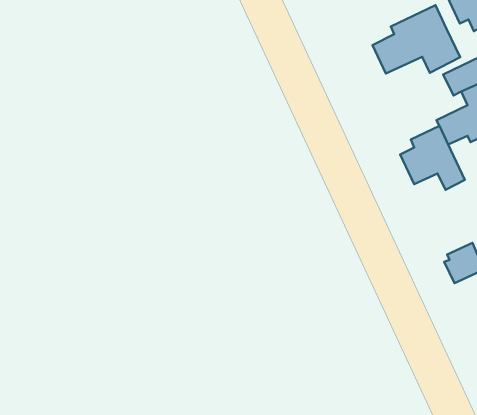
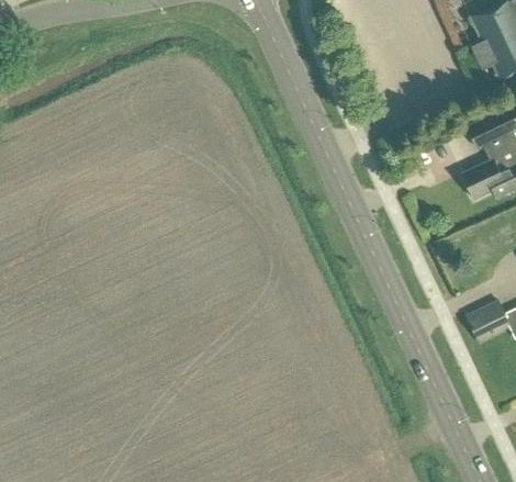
building: [372,5,460,74] -> none
building: [400,126,465,190] -> none

